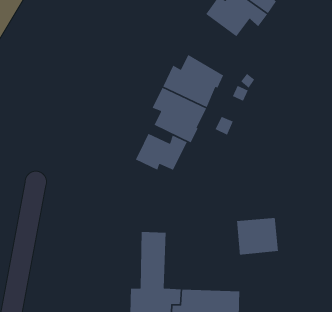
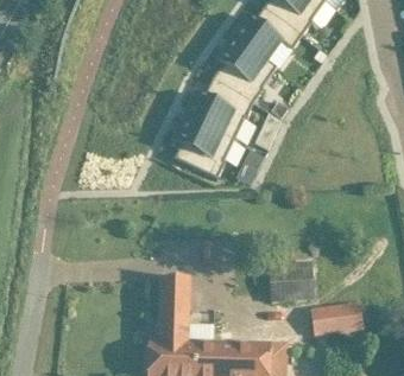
building: none -> [214,34,277,102]
building: [135,126,188,171] -> none
building: none -> [310,301,364,334]

